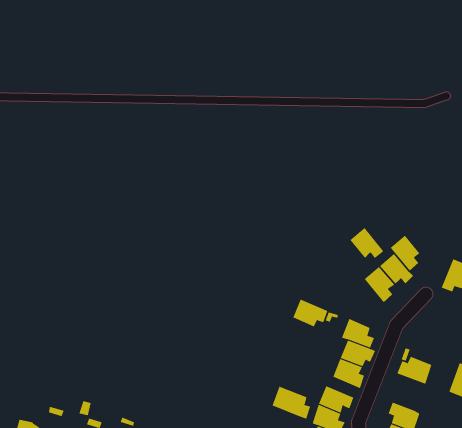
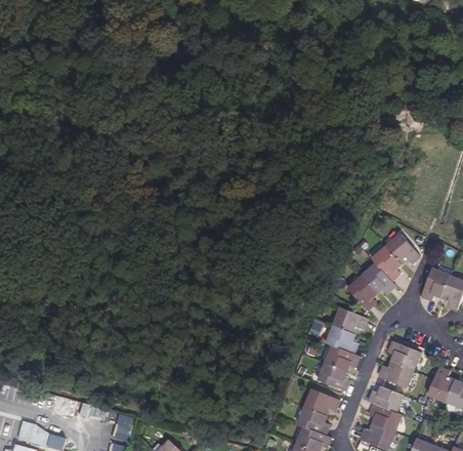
building: [350,227,384,259] -> [386,234,419,263]
building: [292,299,328,327] -> [333,307,367,334]
building: none -> [388,341,419,369]
building: none -> [369,386,403,412]
building: [272,386,311,420] -> none

